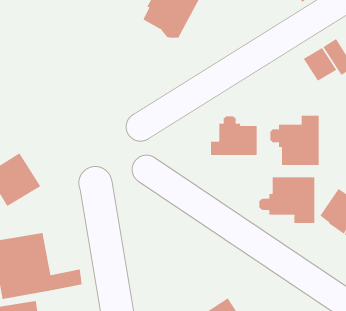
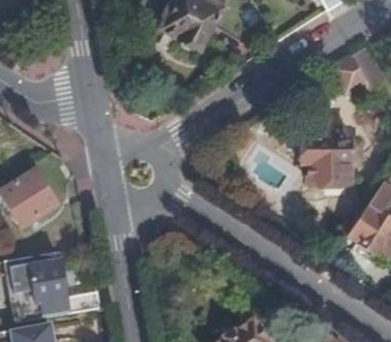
building: [211,116,257,156] -> none
building: [259,177,315,224] -> none

